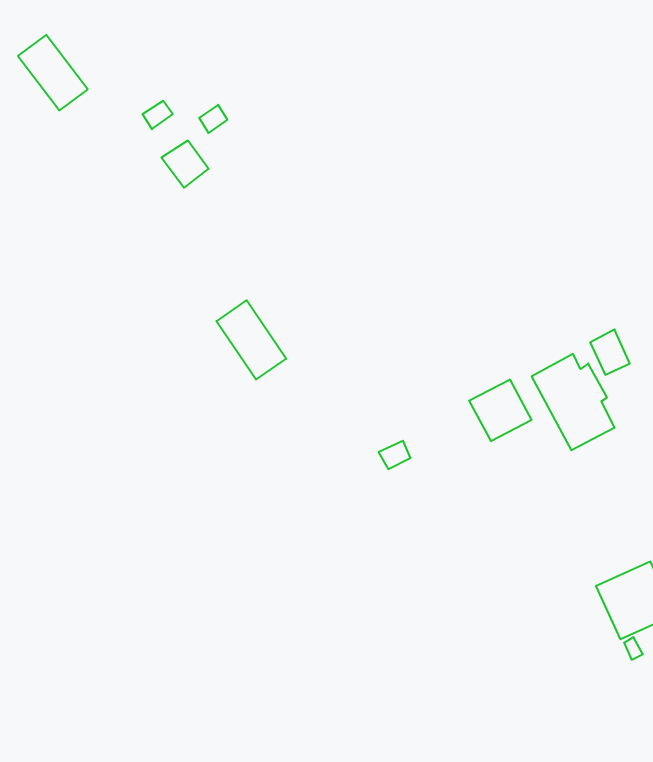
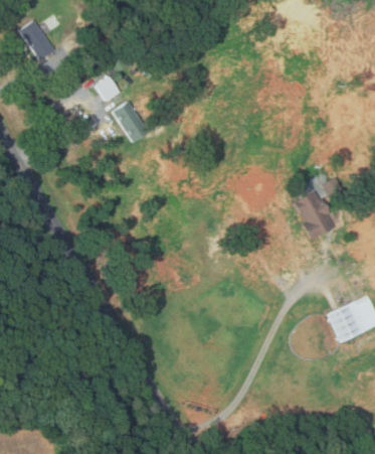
building: [216,300,286,380] -> [112,101,149,143]
building: [469,379,532,441] -> none

